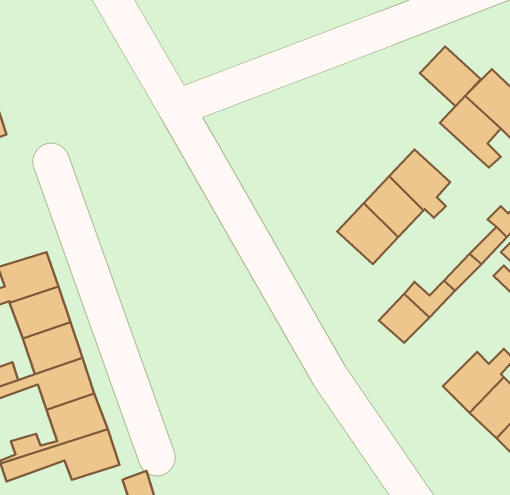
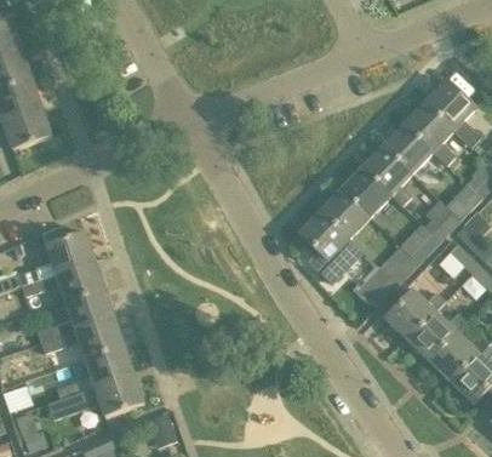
building: [420,47,481,106] -> [383,126,433,175]
building: none -> [299,215,350,284]
building: none -> [384,290,444,341]

